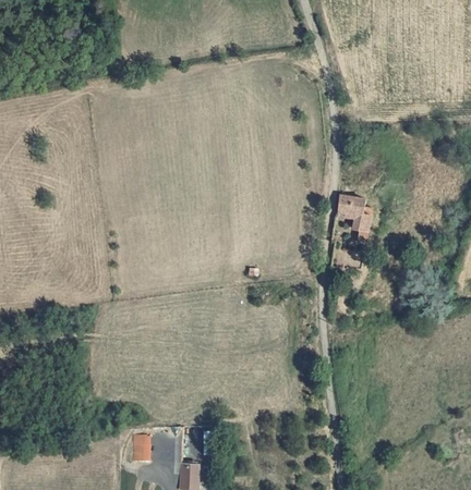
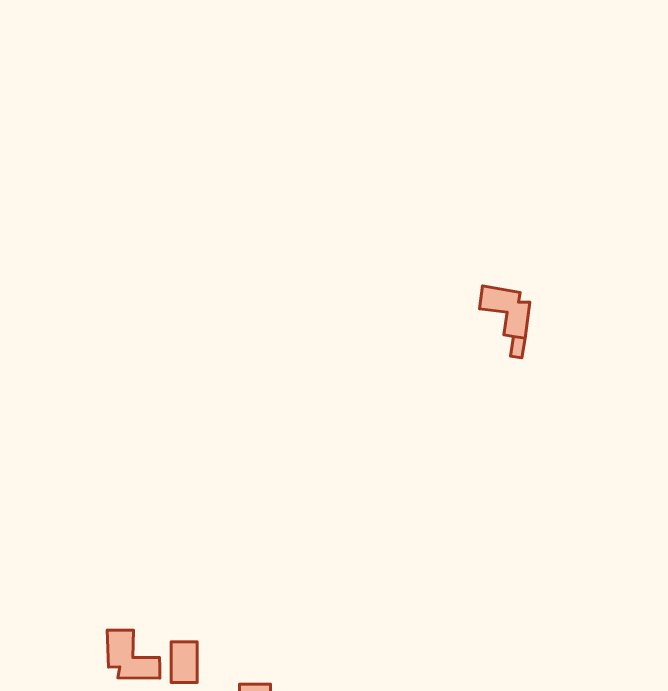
building: none -> [107,630,160,678]

